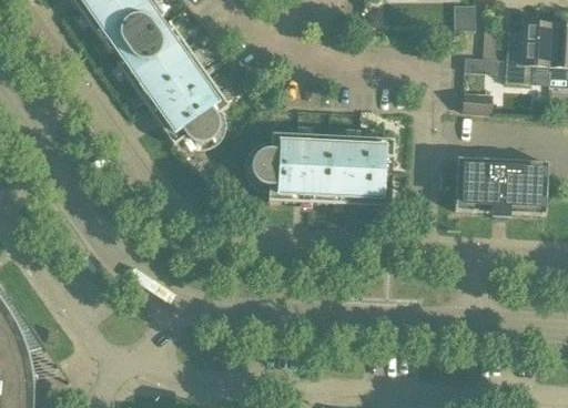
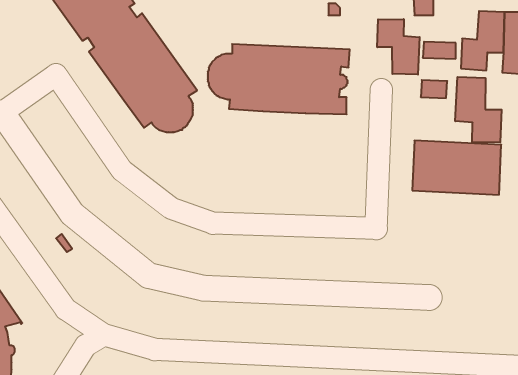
building: none -> [377,19,420,75]
building: none -> [455,77,502,142]
building: [247,133,396,206] -> [208,44,350,114]

